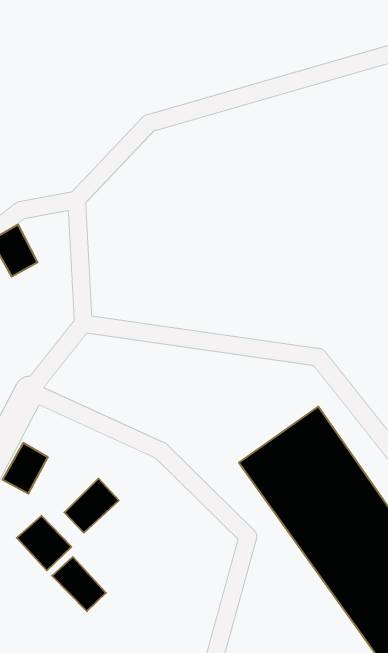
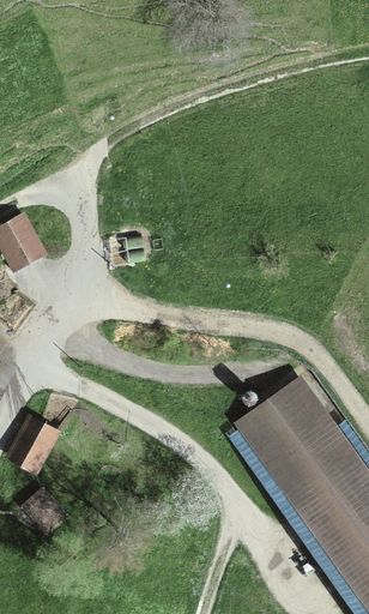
building: [64,479,119,533] -> none
building: [52,557,106,611] -> none

